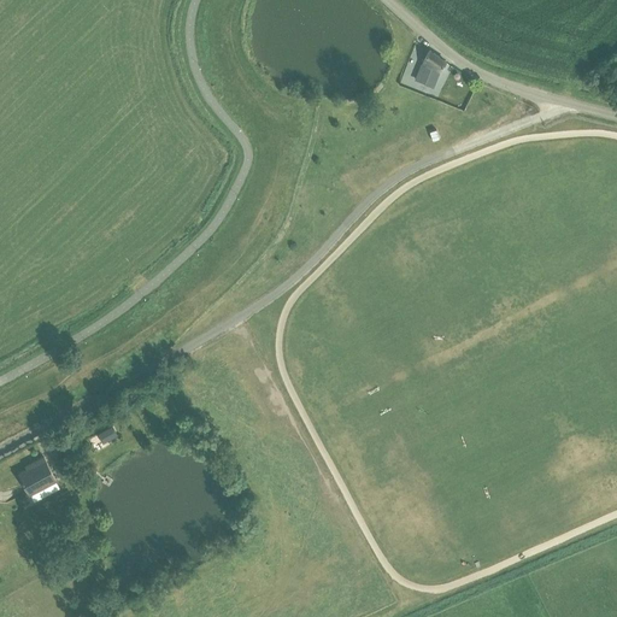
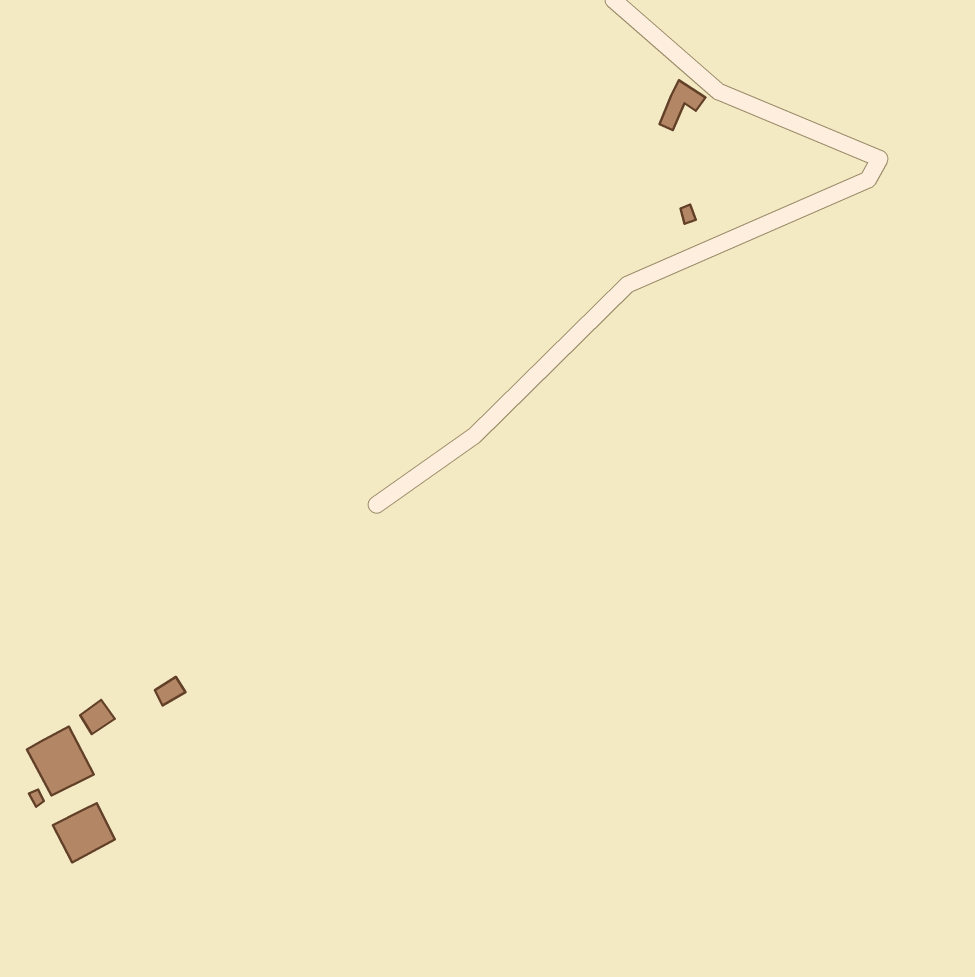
building: none -> [53,803,115,862]

